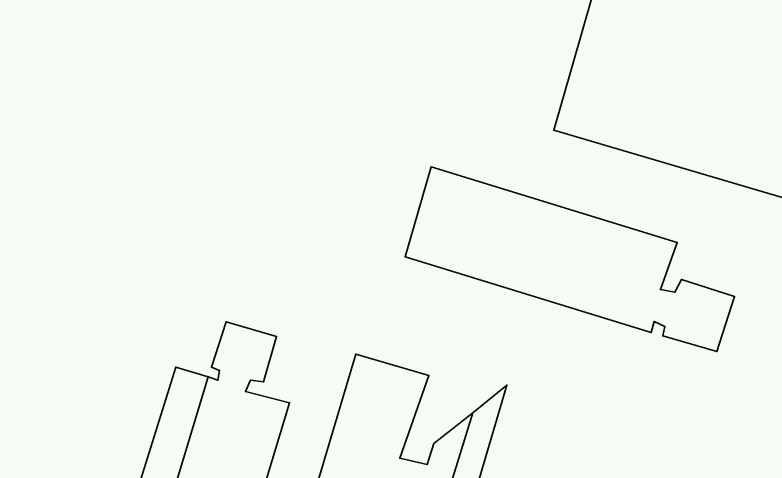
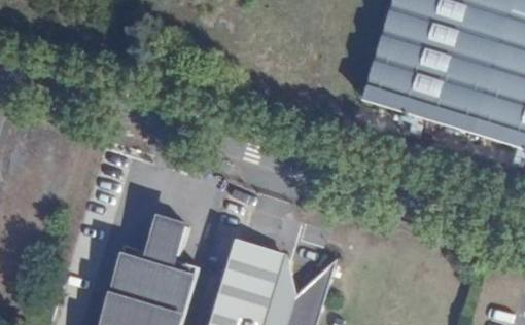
building: [405,167,735,351] -> none

